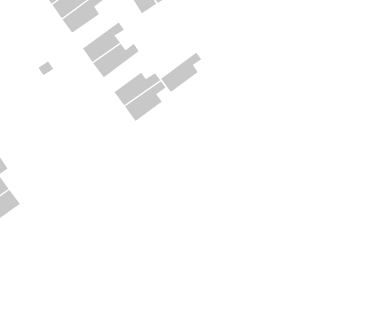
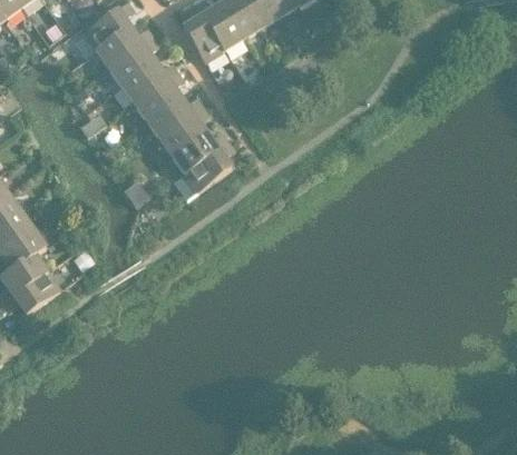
building: none -> [120,62,177,103]
building: [160,52,202,93] -> [158,107,208,156]

